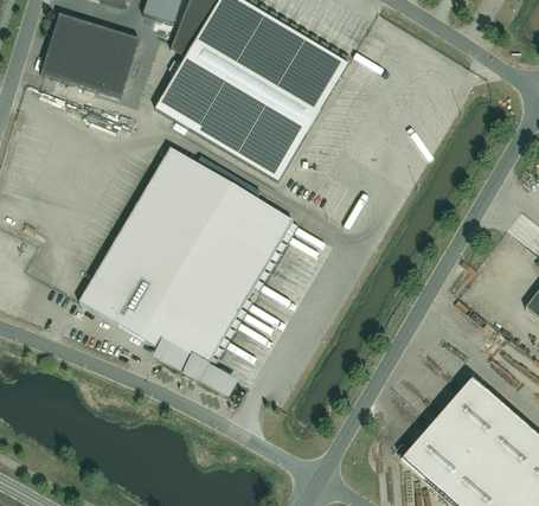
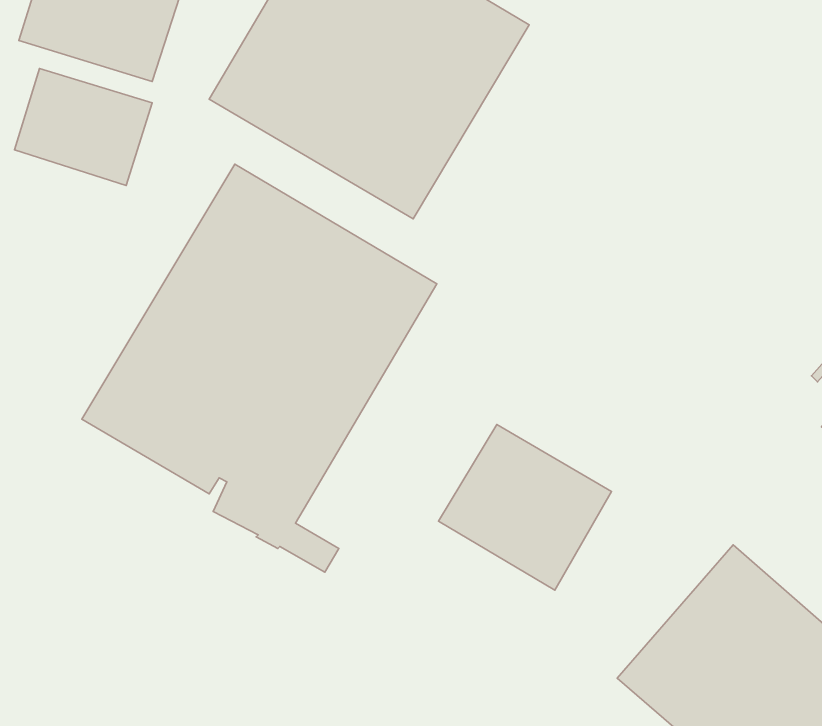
building: none -> [14,69,152,185]
building: none -> [439,424,611,590]

